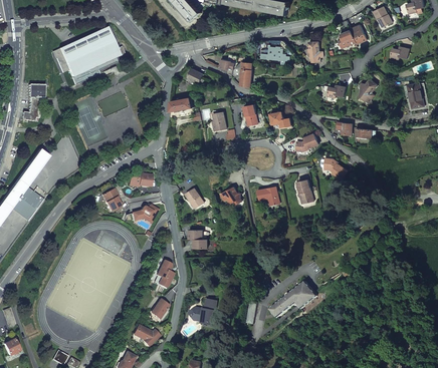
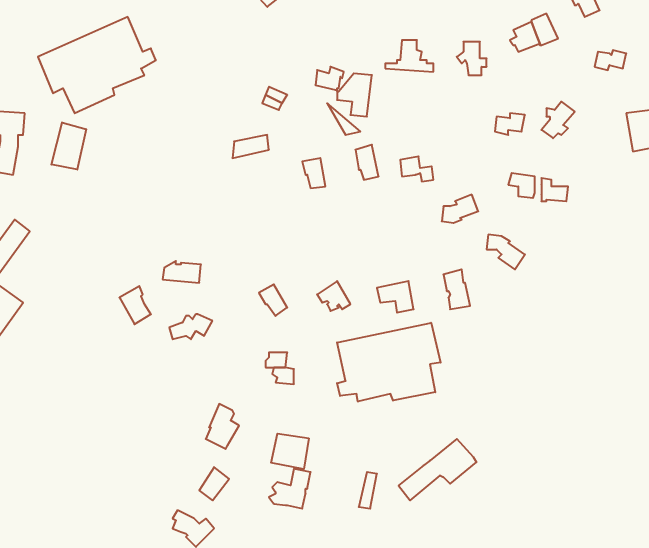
building: none -> [51,122,86,170]
building: none -> [337,323,441,402]
building: none -> [271,434,309,469]

